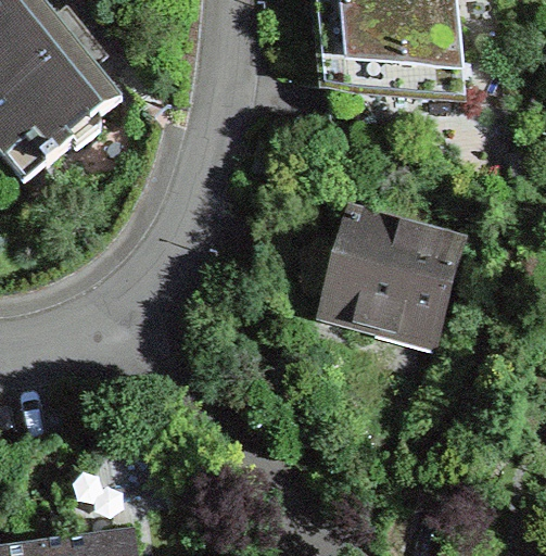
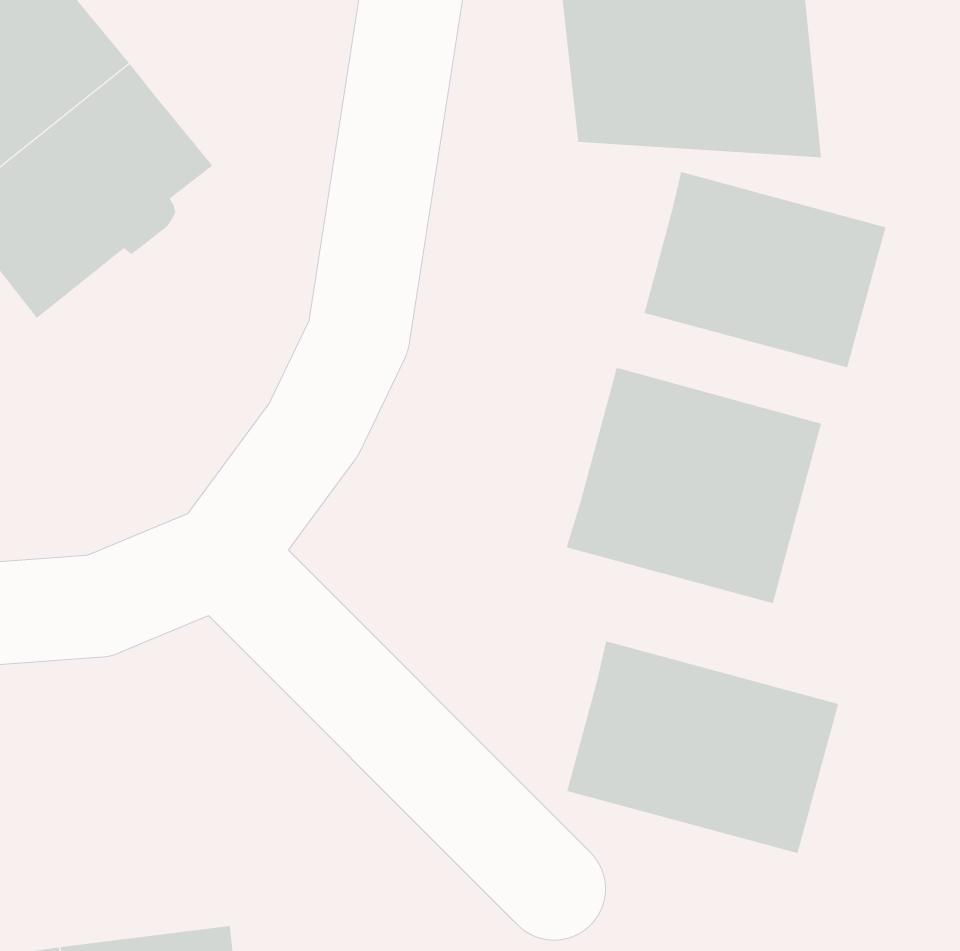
building: none -> [644,171,886,368]
building: none -> [566,640,839,854]

